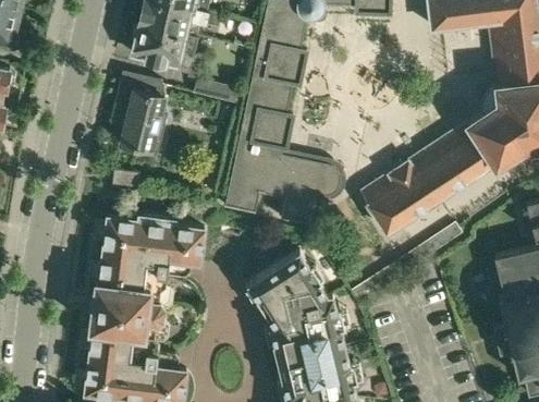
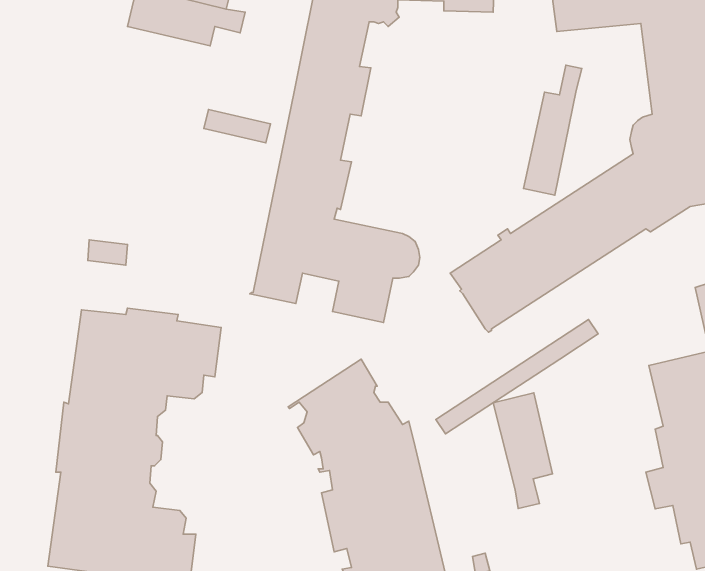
building: [133,24,203,80] -> none
building: none -> [523,65,582,195]
building: [117,74,166,153] -> none
building: none -> [493,393,553,509]

